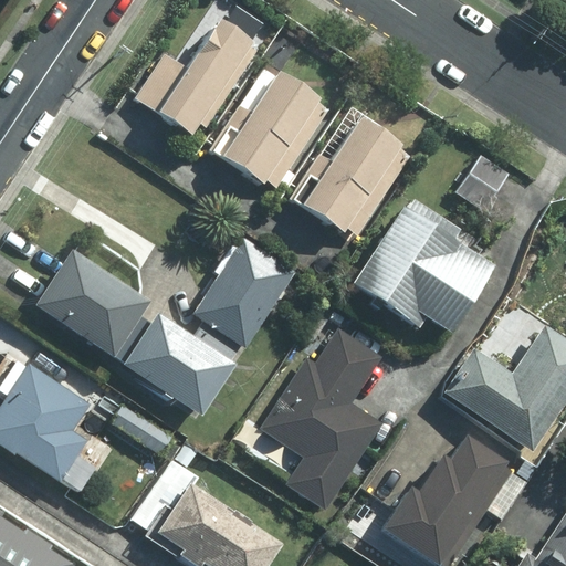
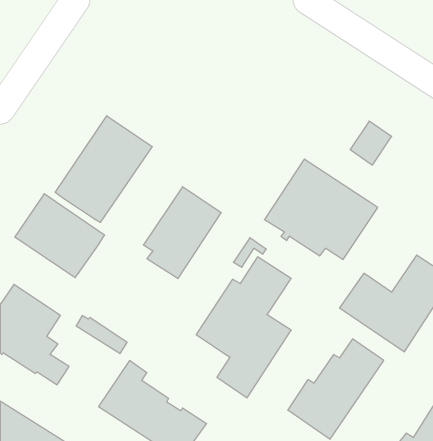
building: [137,19,261,135] -> none
building: [212,72,332,187] -> none
building: [292,117,397,230] -> none
building: none -> [55,116,152,222]
building: [112,314,239,416] -> none

